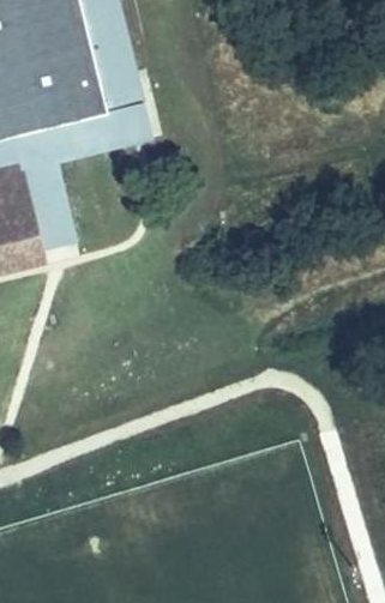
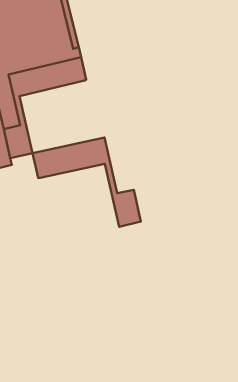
building: none -> [33,138,141,227]

